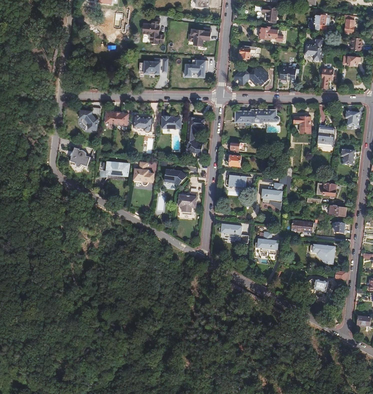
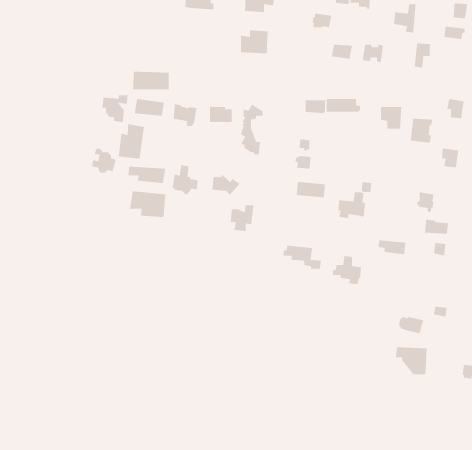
building: [140,58,169,73] -> [132,71,170,90]
building: none -> [118,123,145,160]
building: none -> [129,190,166,218]
building: [310,244,335,266] -> [395,347,427,375]

